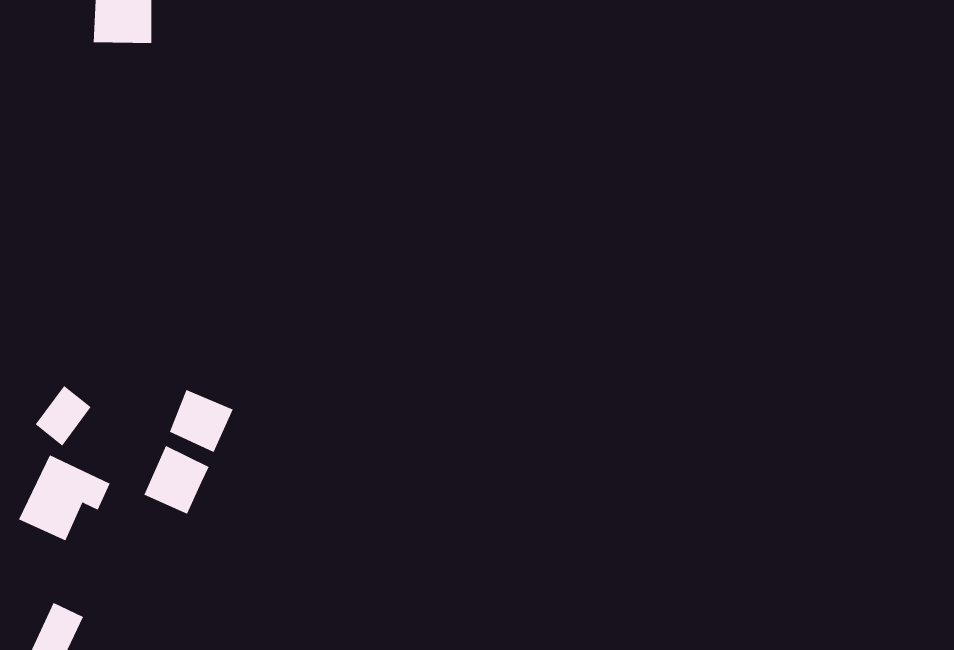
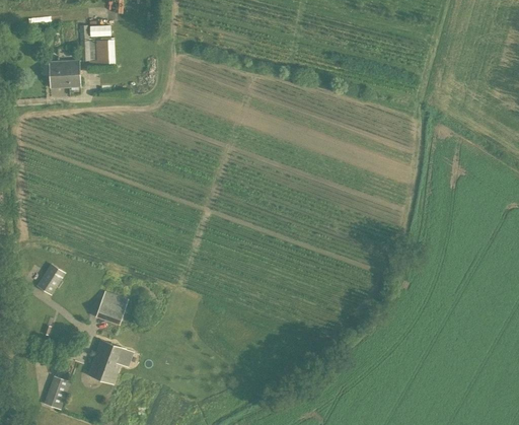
building: [169,389,233,453] -> none
building: [18,455,110,541] -> [87,340,133,383]

